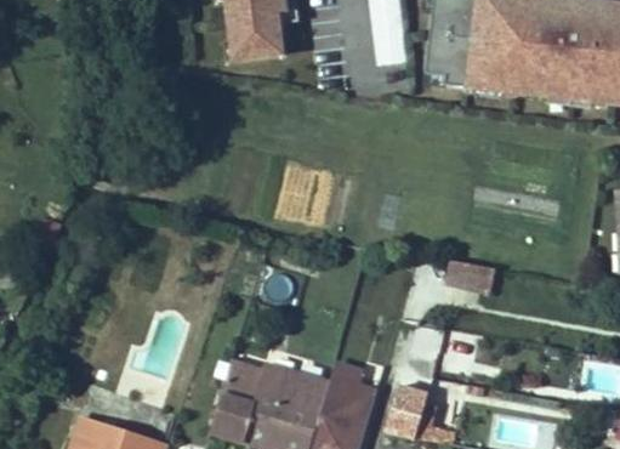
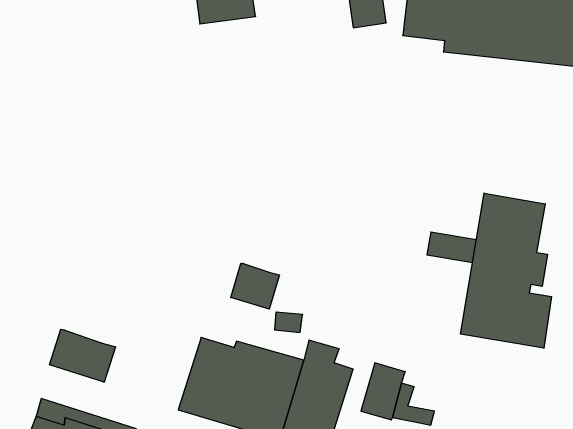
building: none -> [461,193,551,348]
building: none -> [231,263,279,309]
building: none -> [49,329,115,382]

